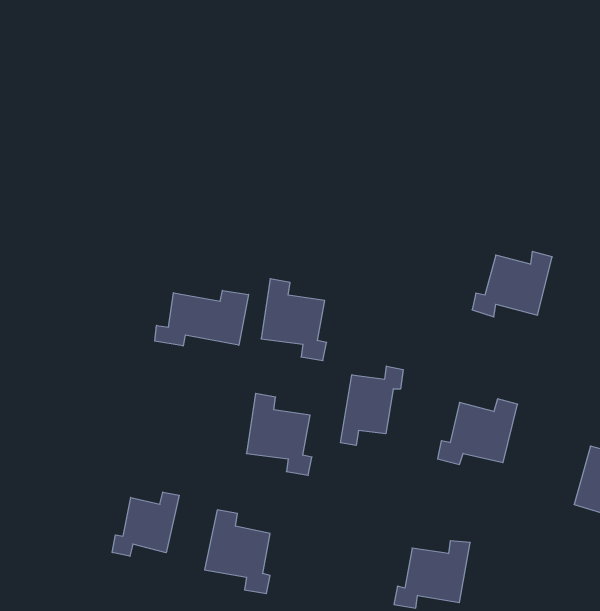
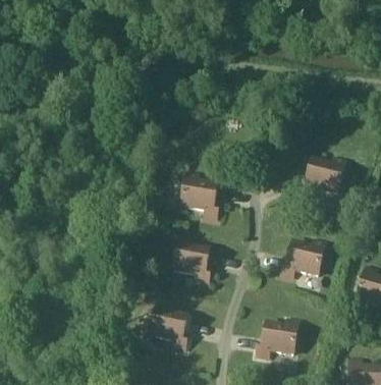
building: [155,290,248,346] -> none
building: [341,366,403,445] -> none
building: [112,492,179,556] -> none

